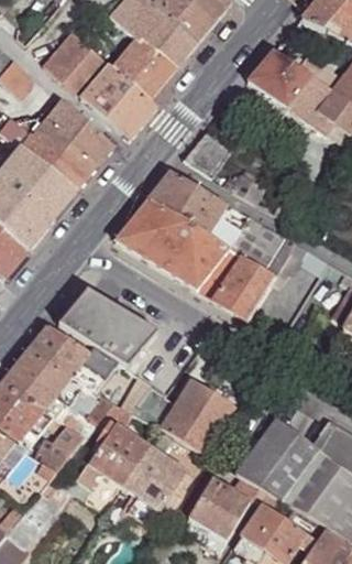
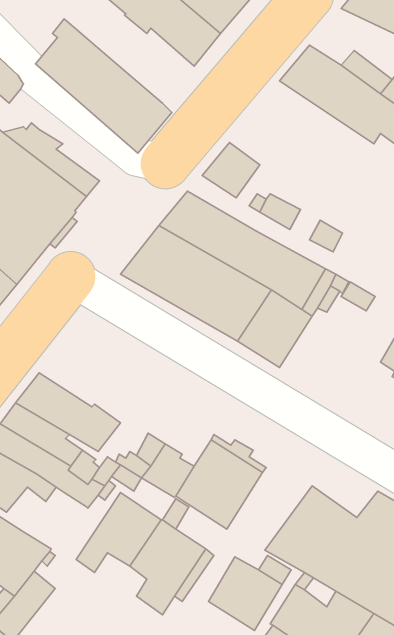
building: [113,35,176,98] -> none
building: [46,100,113,163] -> none
building: [58,290,157,368] -> none
building: [33,424,86,471] -> none

